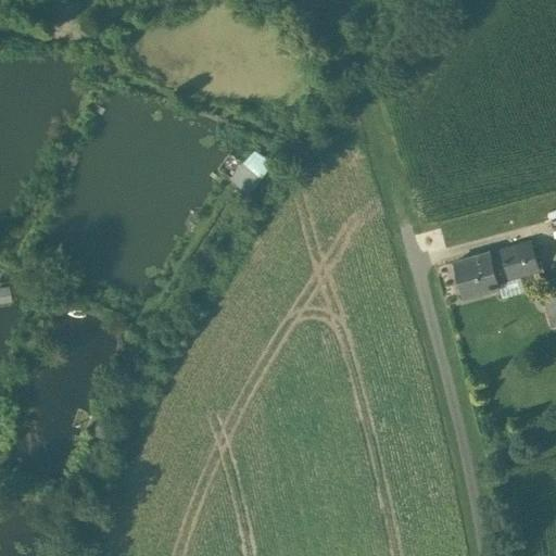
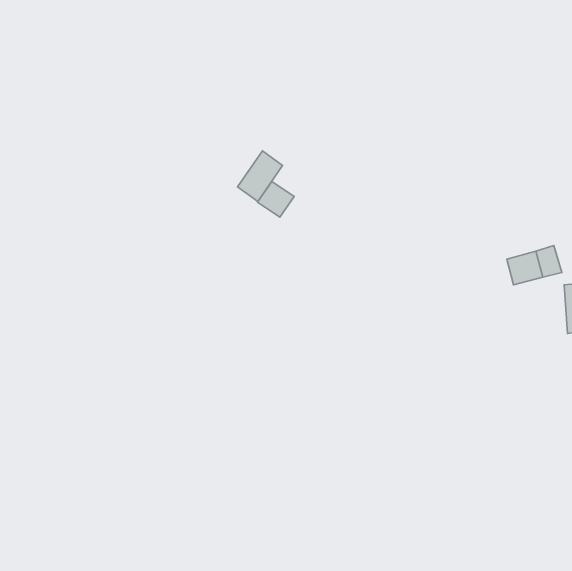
building: none -> [258,181,294,217]
building: [455,251,501,296] -> none

